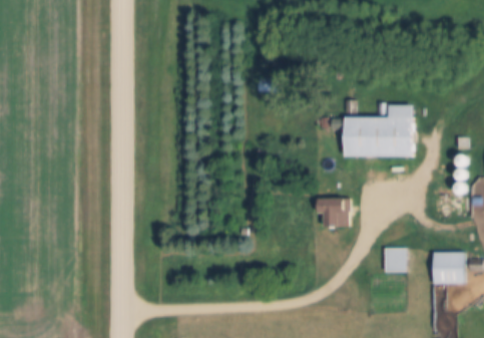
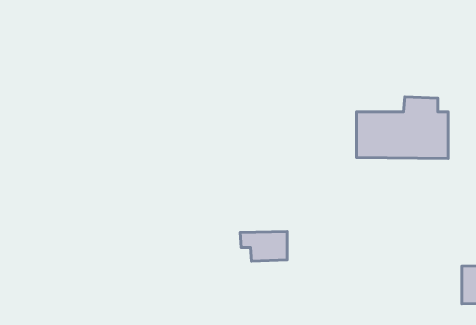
building: [312,201,353,227] -> [240,231,287,261]
building: [384,248,411,272] -> none

